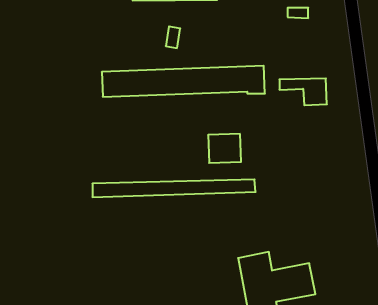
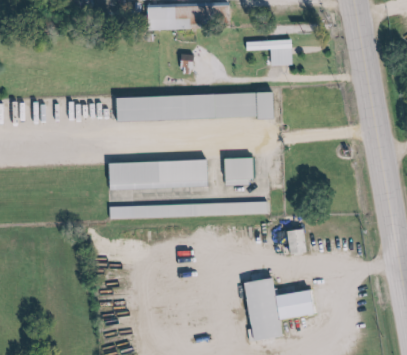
building: [279,78,327,105] -> [245,40,291,66]
building: none -> [108,161,207,190]
building: none -> [287,230,306,254]

